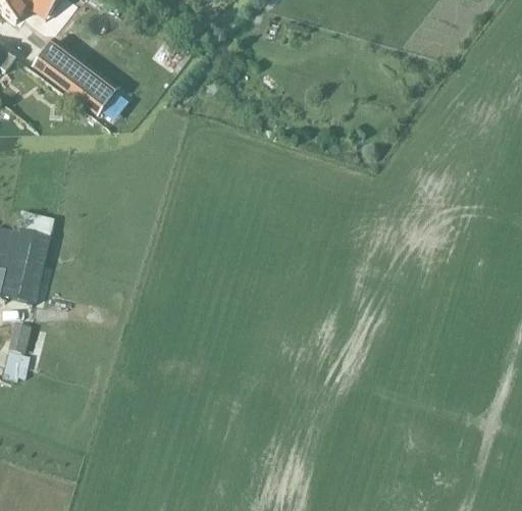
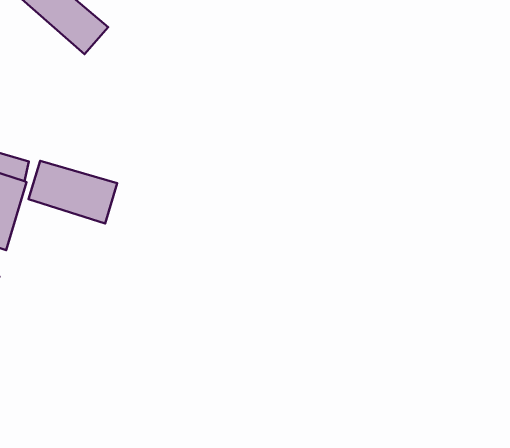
building: none -> [28,161,117,223]

